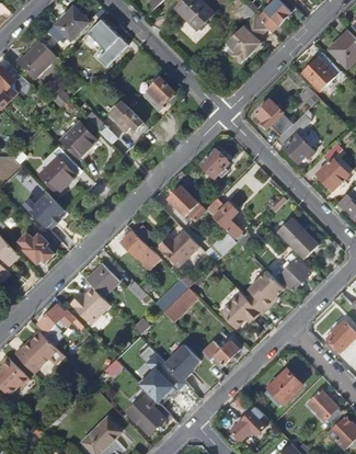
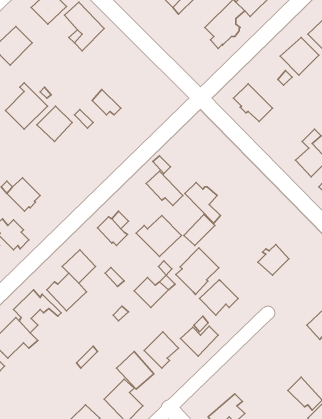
building: [140,77,174,112] -> none
building: [276,114,315,162] -> none
building: [38,146,80,192] -> [5,83,47,129]
building: [200,150,229,179] -> none
building: [277,216,319,259] -> none
building: [242,268,285,314] -> [176,248,219,294]
building: [264,368,301,406] -> none

